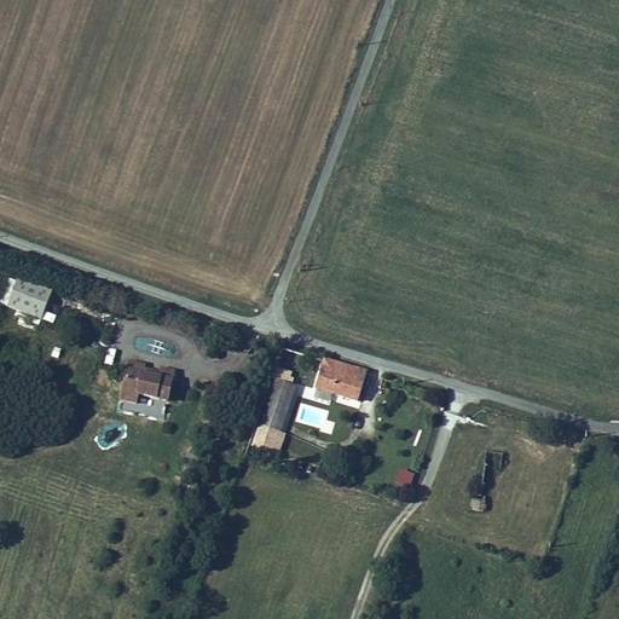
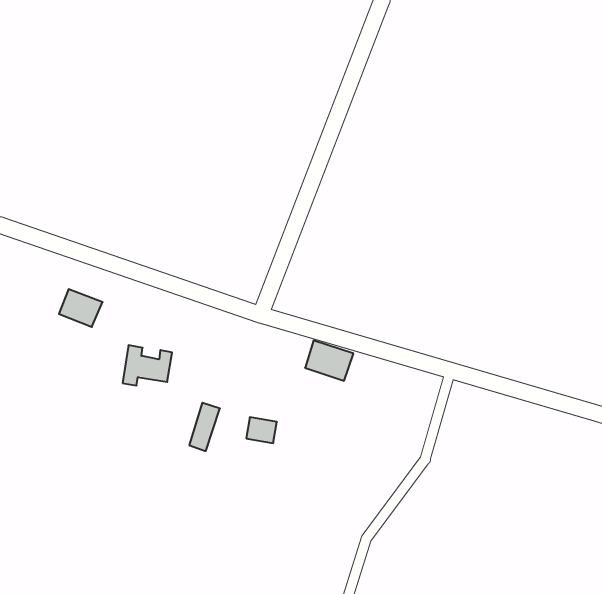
building: [7,274,52,313] -> [59,289,103,327]
building: [262,380,294,429] -> [189,403,220,451]

